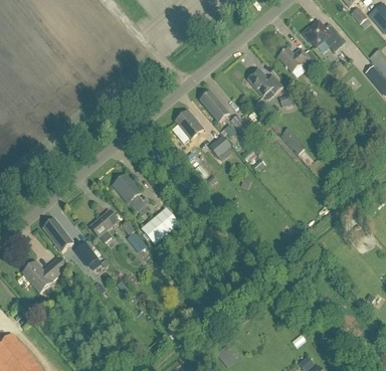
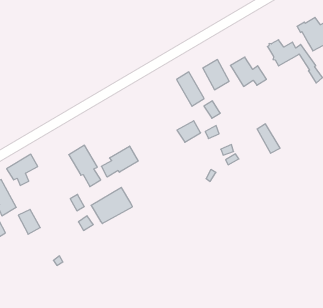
building: [175,111,201,139] -> [203,60,229,90]
building: none -> [101,146,138,177]
building: [89,209,118,239] -> [7,154,38,185]

